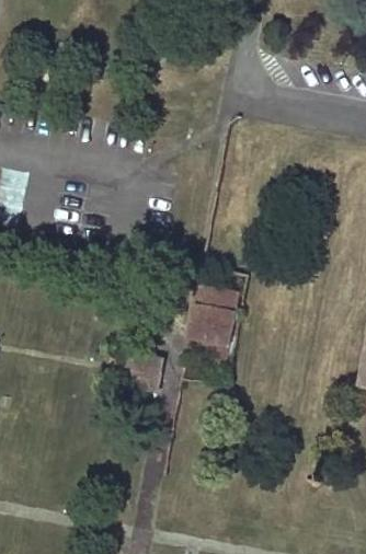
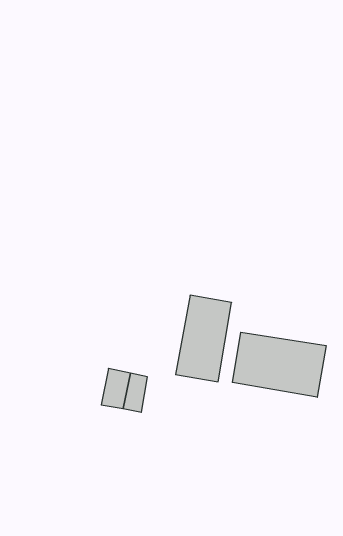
building: none -> [232,332,326,397]

